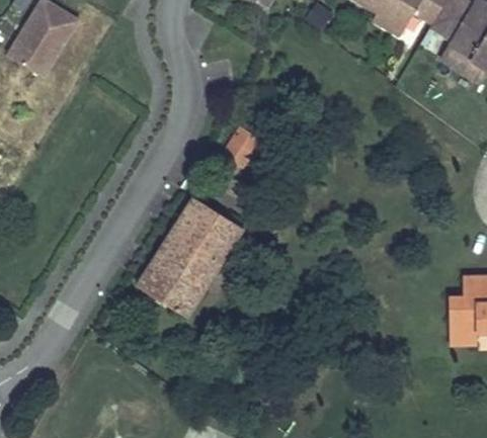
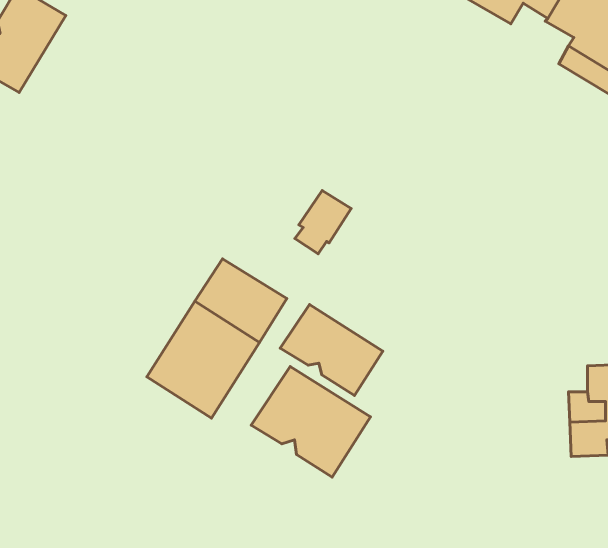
building: [219,128,260,175] -> [295,191,351,254]
building: none -> [280,305,383,396]
building: none -> [251,366,371,477]

